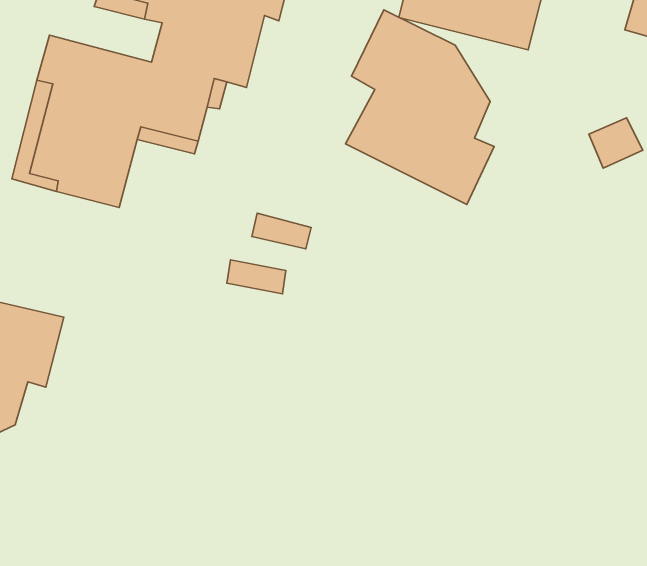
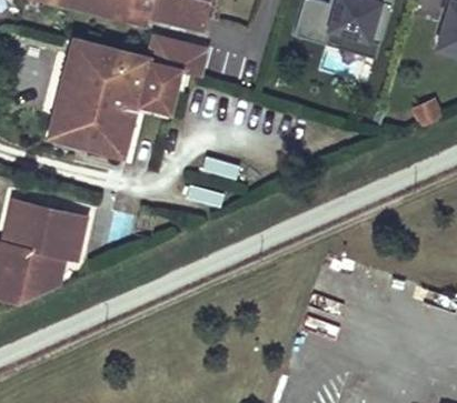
building: [345,10,494,205] -> none

